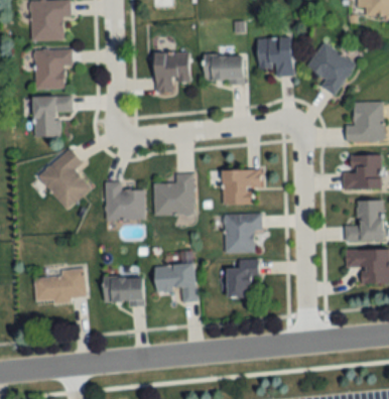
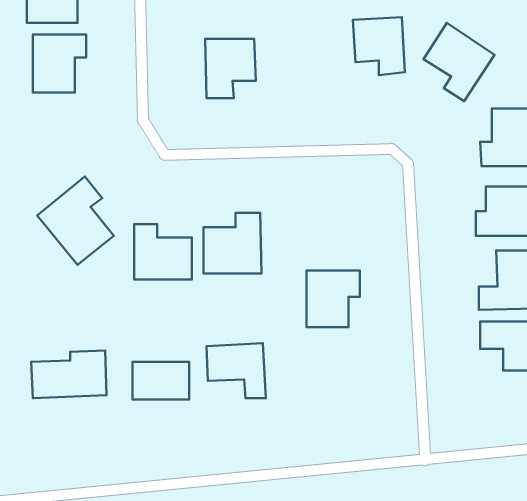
building: [205,55,243,82] -> none
building: [33,96,72,137] -> none
building: [223,169,261,204] -> none
building: [228,259,257,297] -> none

